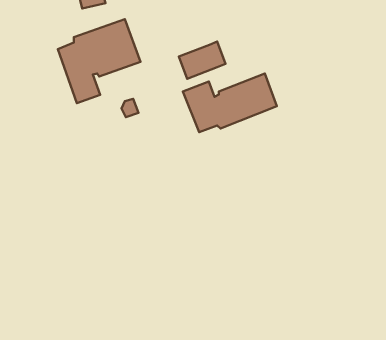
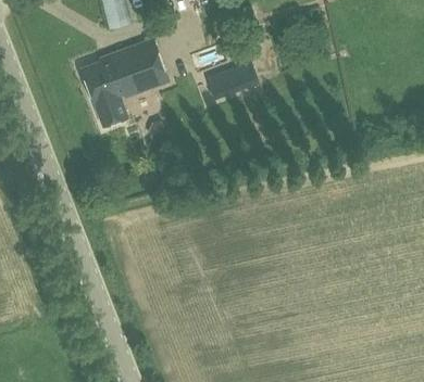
building: [183,74,277,132] -> none

